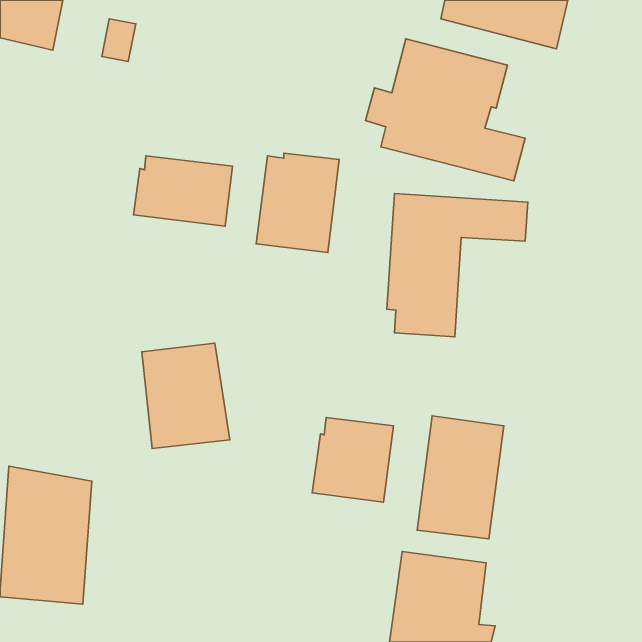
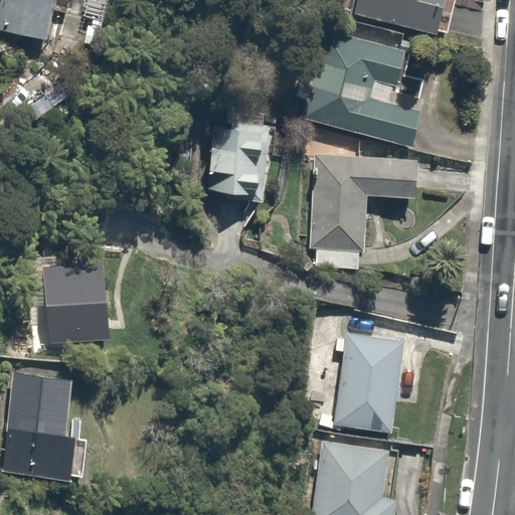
building: [134,156,232,226] -> none
building: [142,343,230,449] -> [41,261,112,345]
building: [312,417,394,502] -> none

